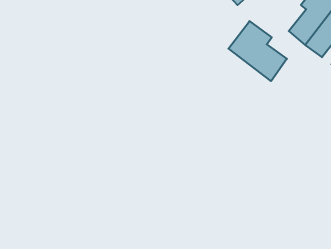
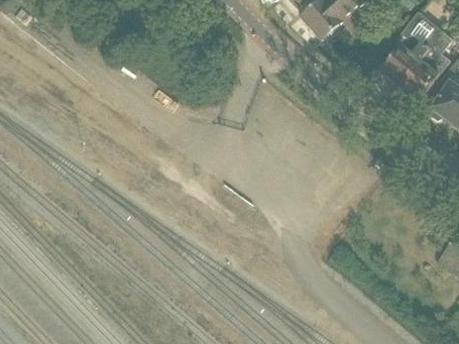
building: [228,21,287,81] -> none

